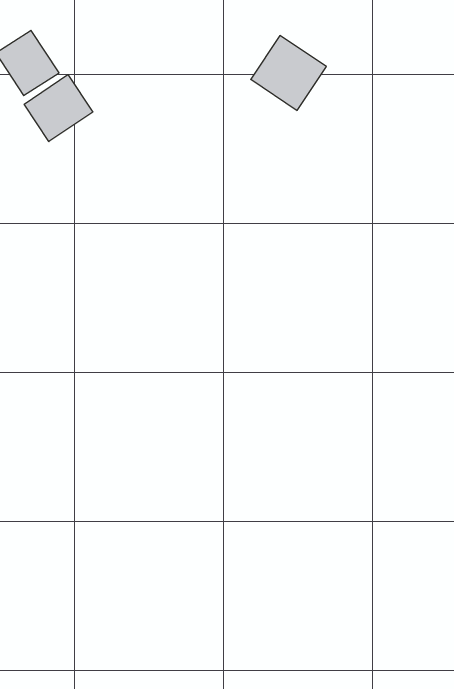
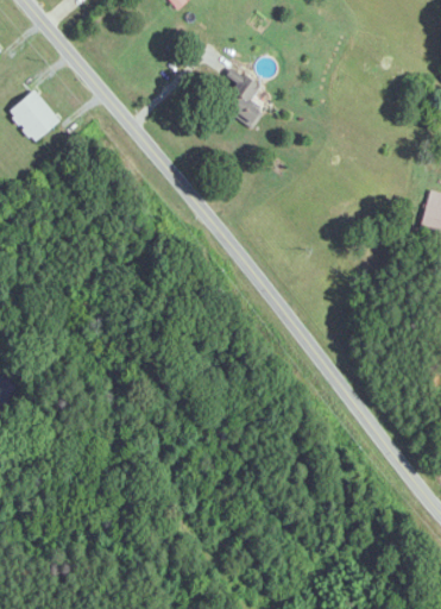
building: [24,75,93,142] -> none

